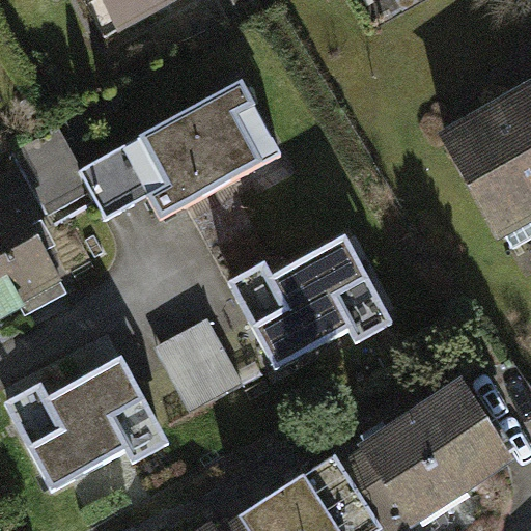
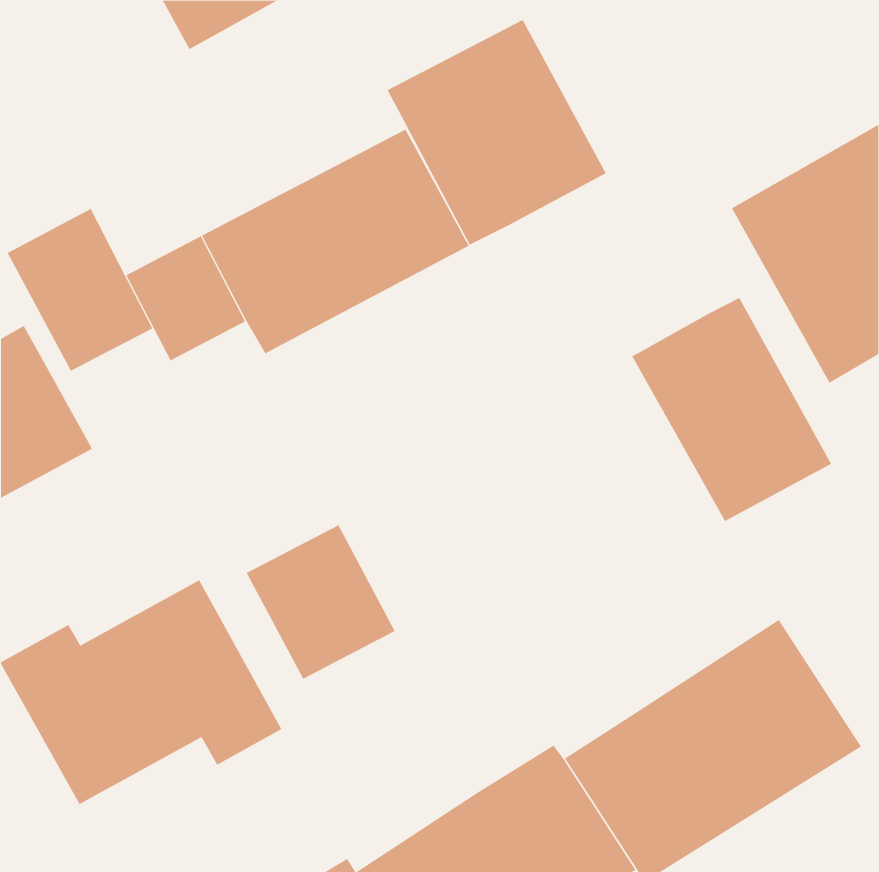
building: none -> [387,19,607,246]
building: none -> [632,297,832,522]
building: [228,233,398,368] -> none

